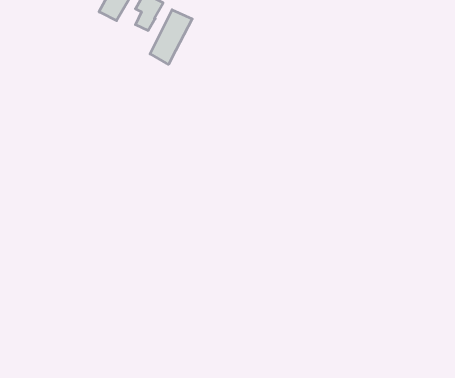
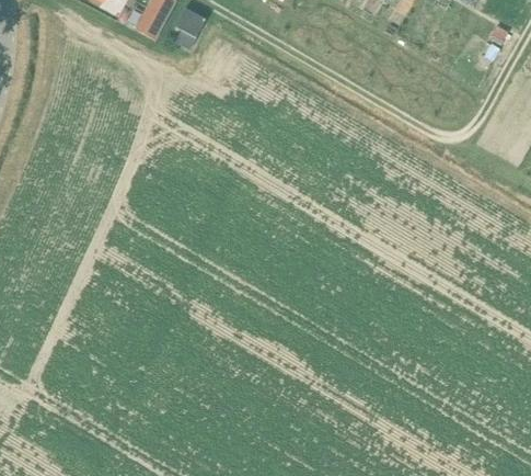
building: [150,10,192,64] -> none

